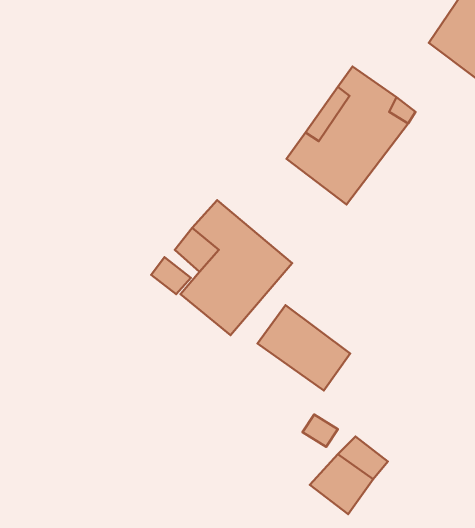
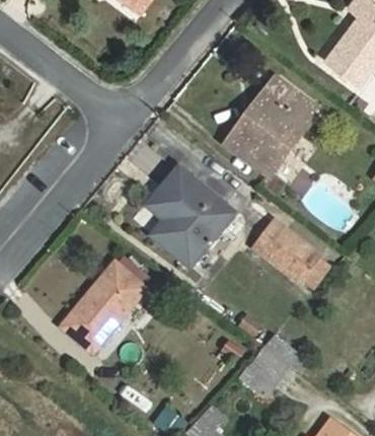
building: [258,305,350,390] -> [255,222,319,281]
building: none -> [60,260,147,352]

